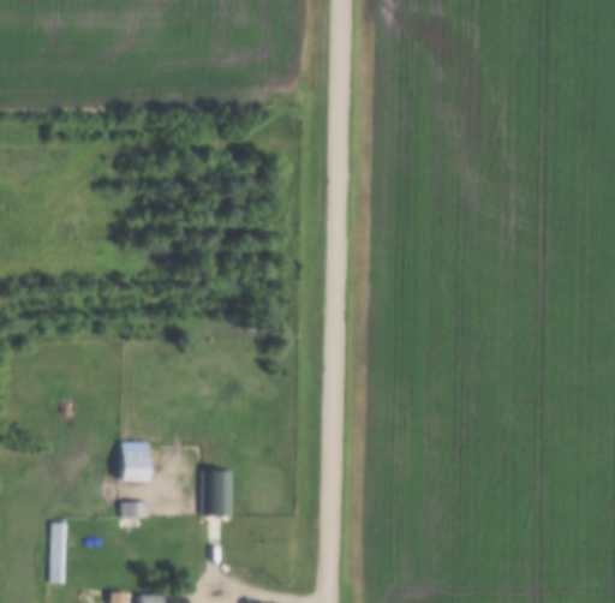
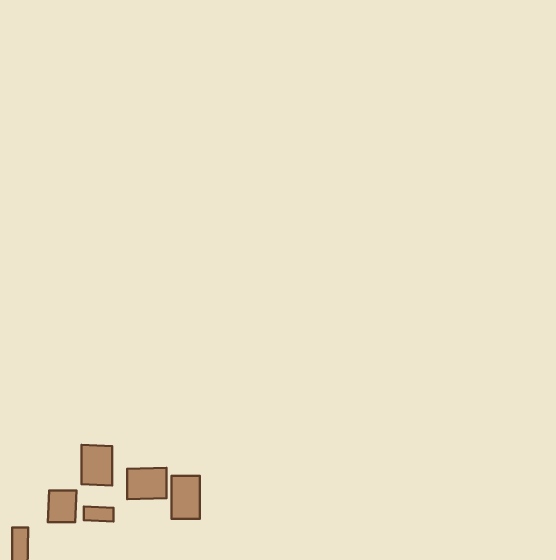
building: none -> [127,468,167,499]
building: none -> [48,490,76,522]

